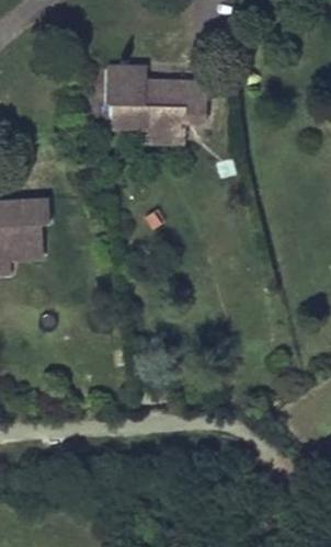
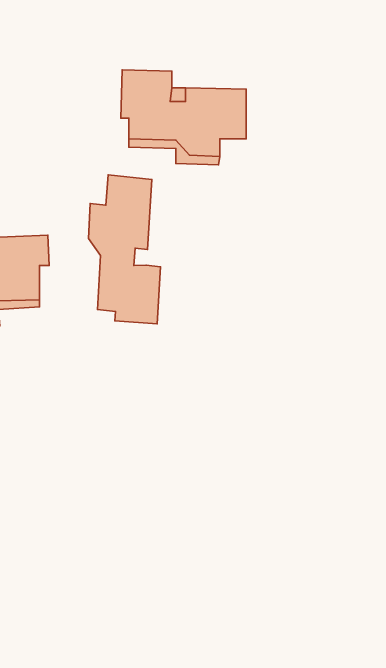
building: none -> [88,175,161,324]

